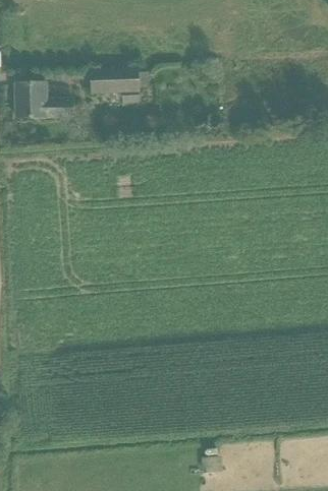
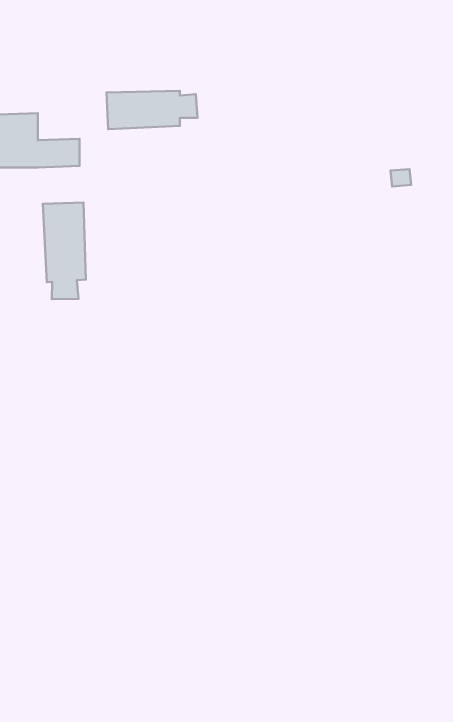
building: none -> [43,203,86,299]

